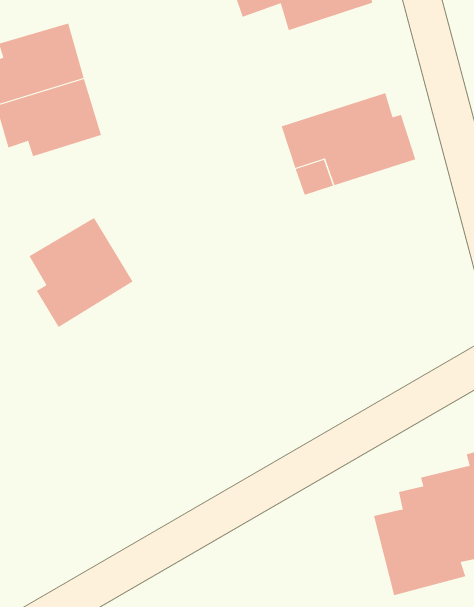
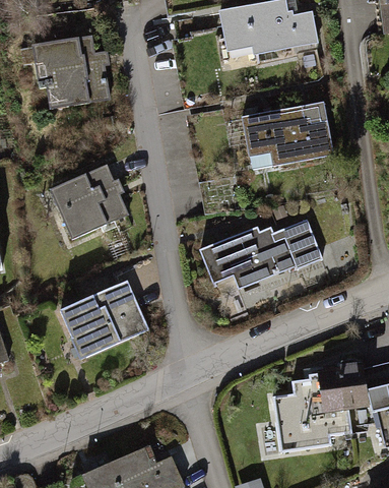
building: none -> [200,219,322,288]
building: none -> [61,282,147,356]

